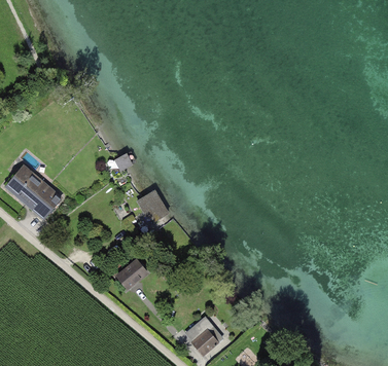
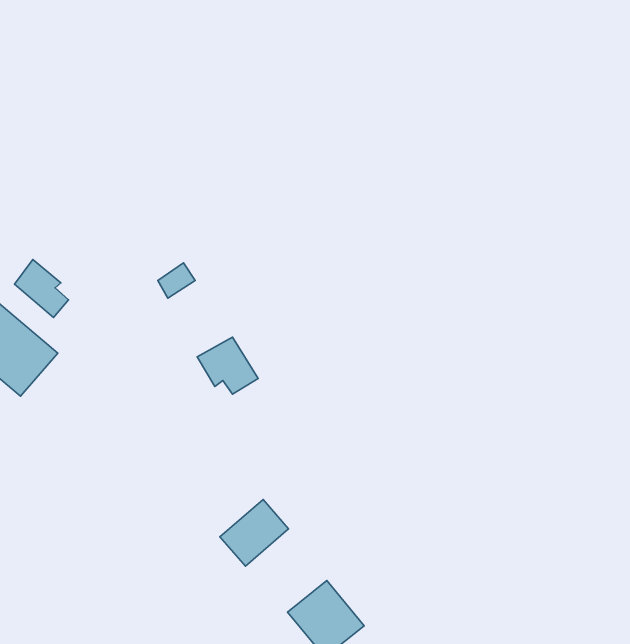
building: none -> [14,259,68,317]
building: [113,257,149,292] -> [220,500,289,566]

